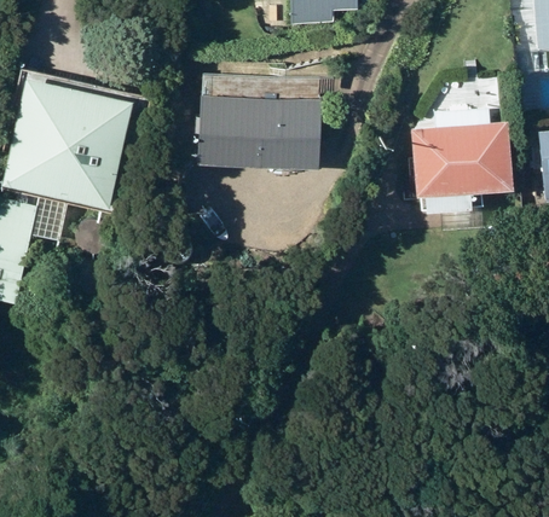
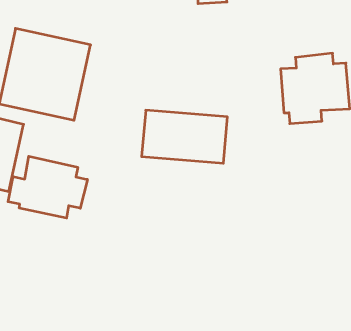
building: [193,104,319,181] -> [142,110,227,163]
building: none -> [8,156,87,218]

